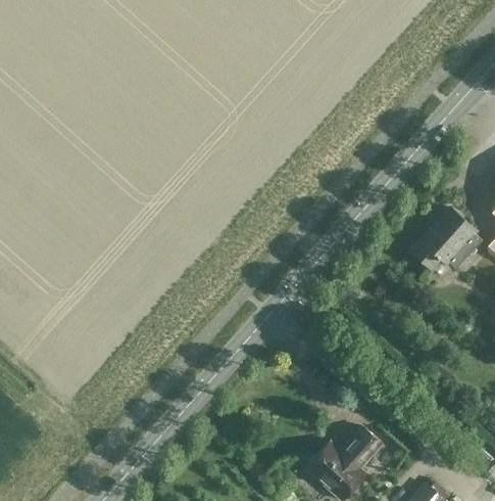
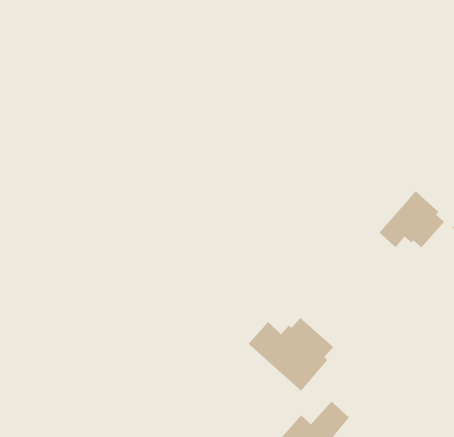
building: none -> [248,317,334,391]

